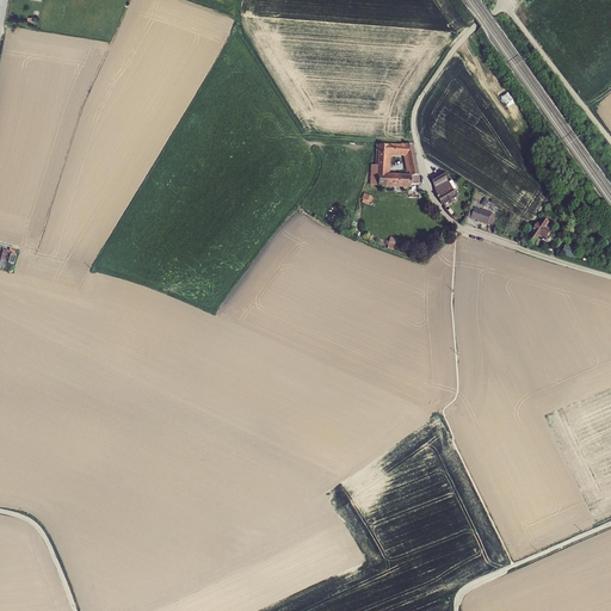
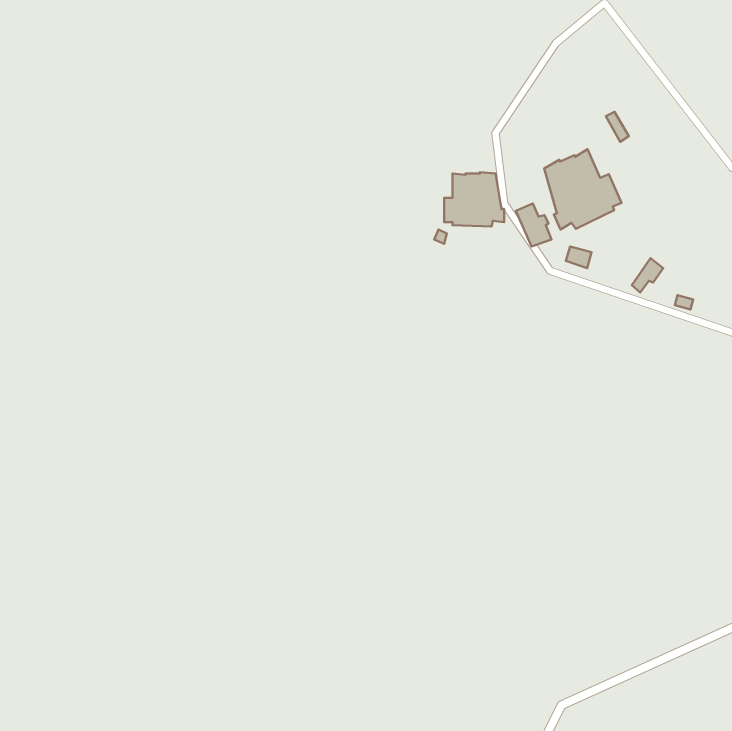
building: none -> [544,149,622,230]

